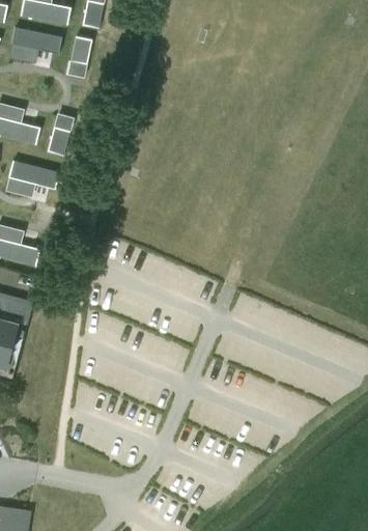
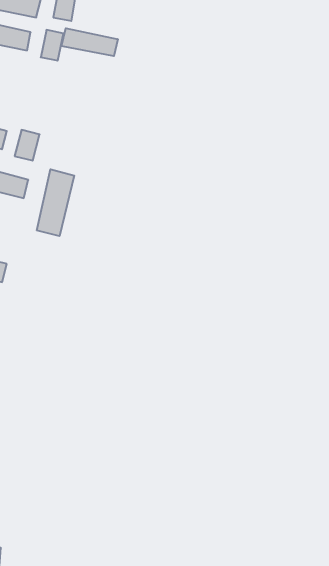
building: none -> [61,28,118,56]
building: none -> [37,169,74,236]

